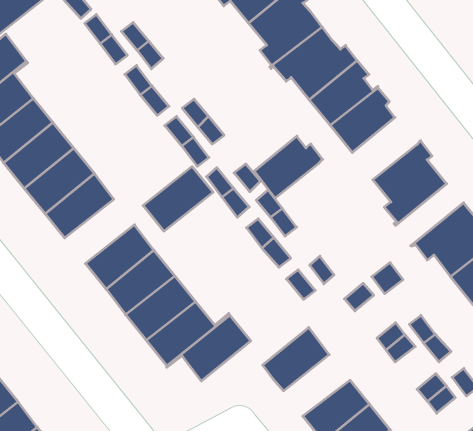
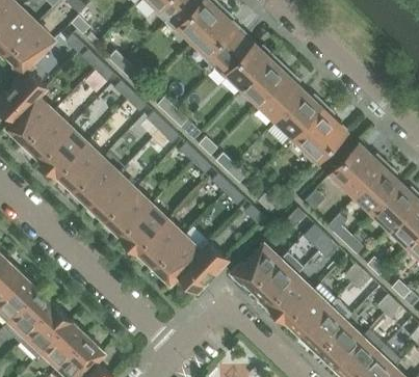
building: [254,136,323,198] -> [278,91,323,136]
building: [143,167,213,231] -> [88,173,135,220]
building: none -> [253,252,304,304]

